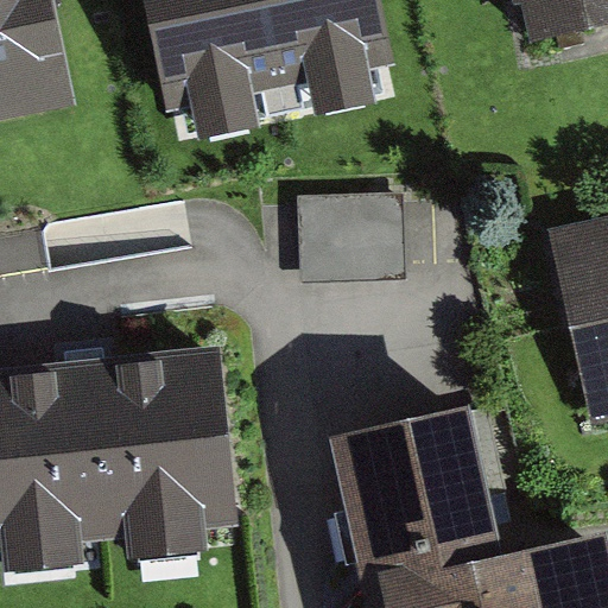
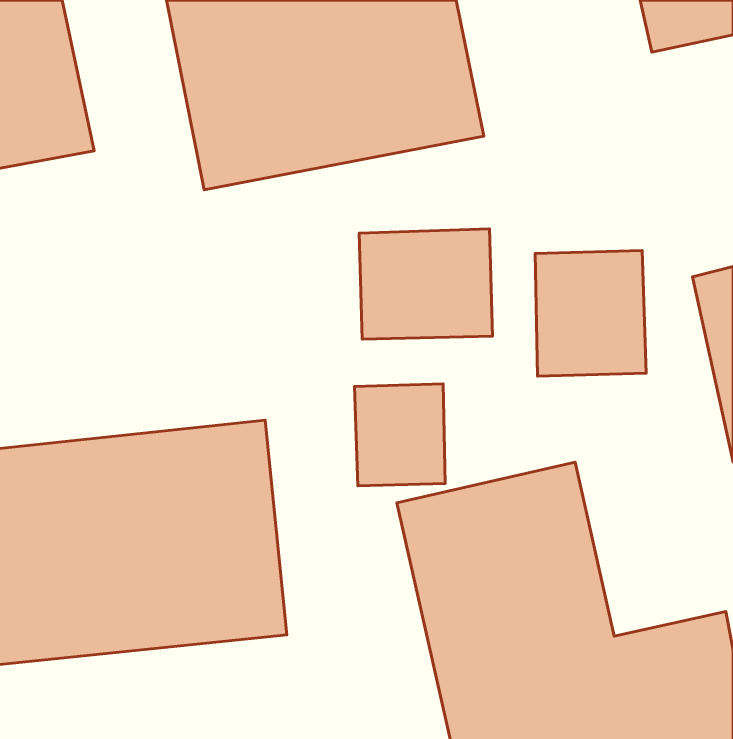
building: none -> [535,251,646,376]
building: none -> [354,384,445,486]

